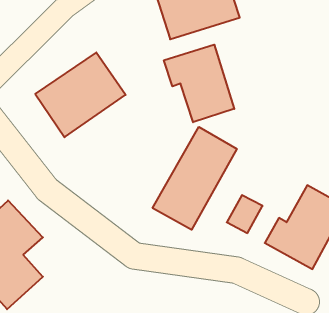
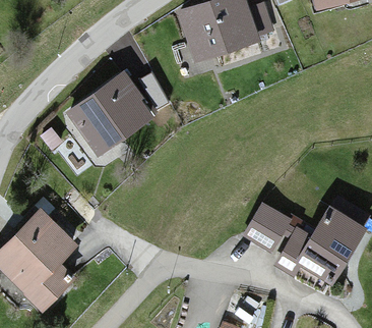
building: [164,45,234,122] -> none
building: [153,127,237,230] -> none

